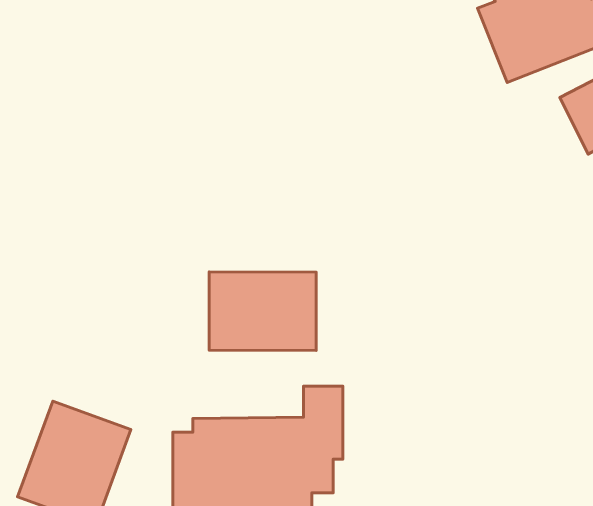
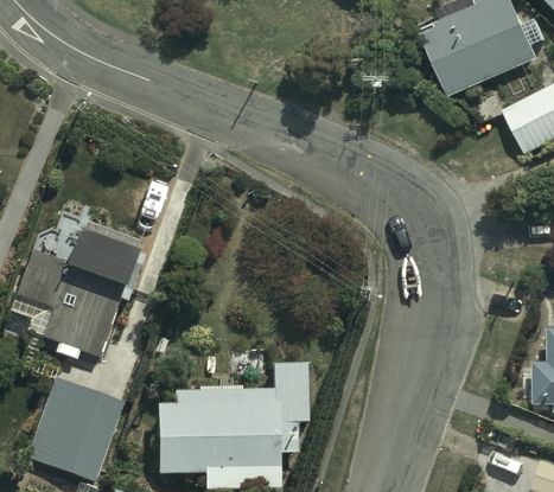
building: none -> [12,211,145,358]
building: [209,272,316,350] -> none

